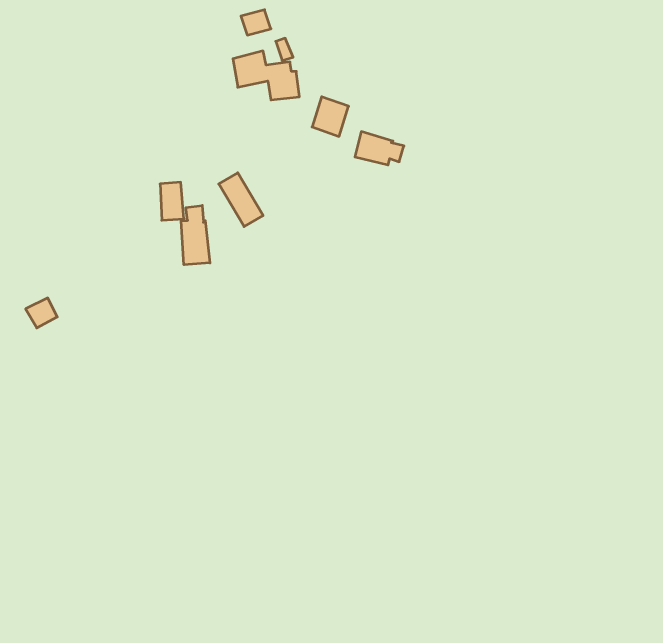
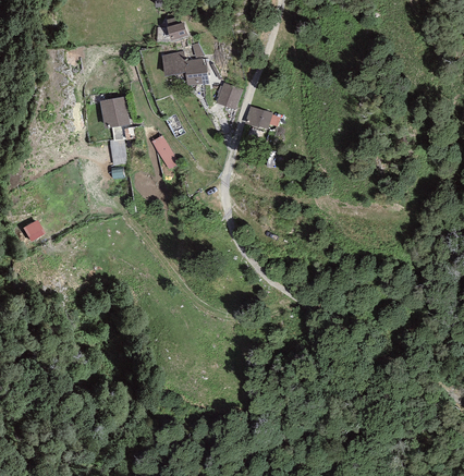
building: none -> [100,97,130,127]
building: [181,205,210,265] -> none

